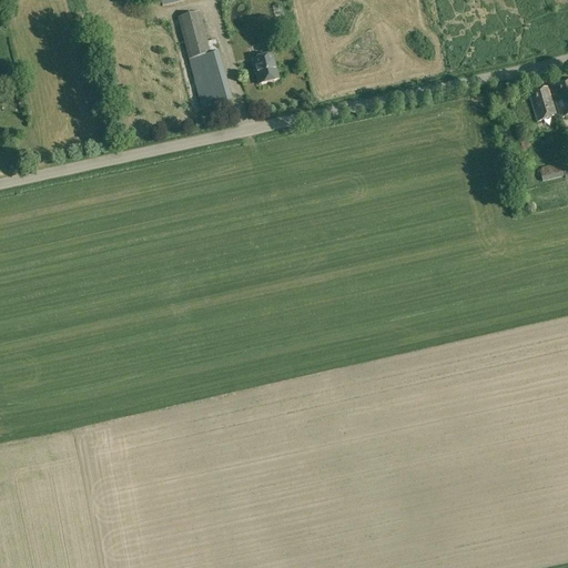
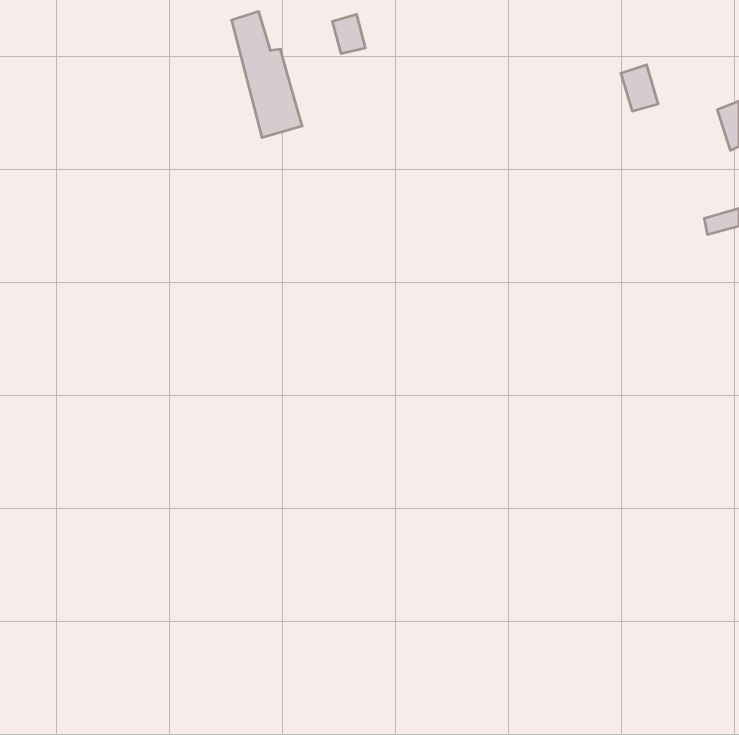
building: [253,52,278,82] -> [332,14,365,53]
building: [528,84,557,120] -> [621,65,658,111]

